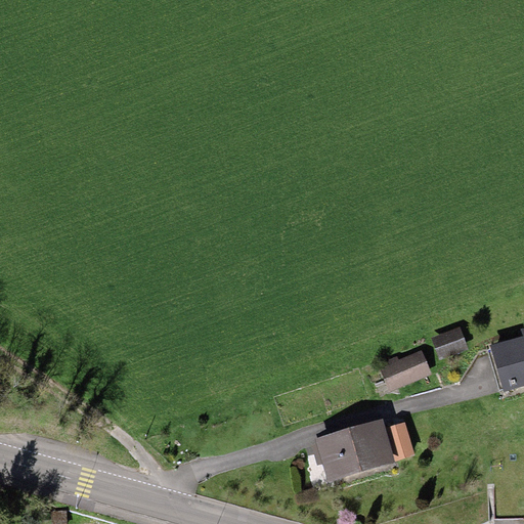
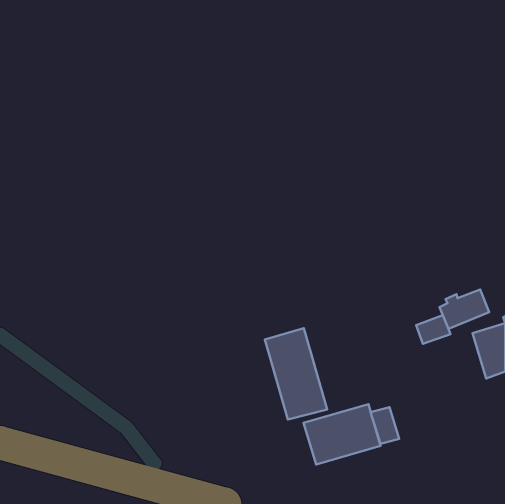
building: none -> [265,328,327,420]
building: [380,350,431,391] -> [440,289,489,329]

